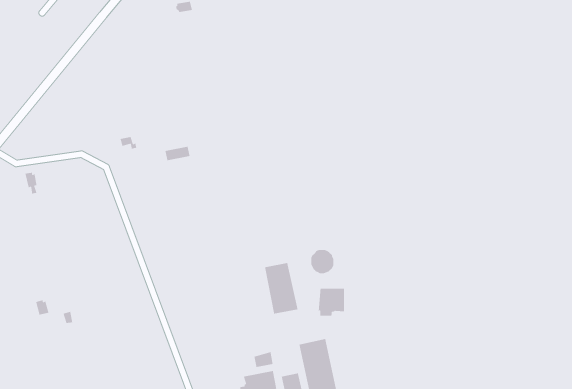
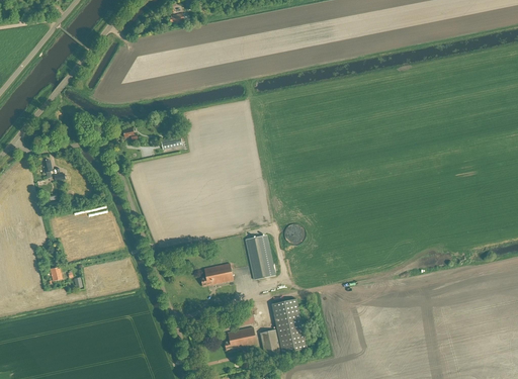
building: [318,288,345,316] -> none
building: none -> [200,262,233,285]

